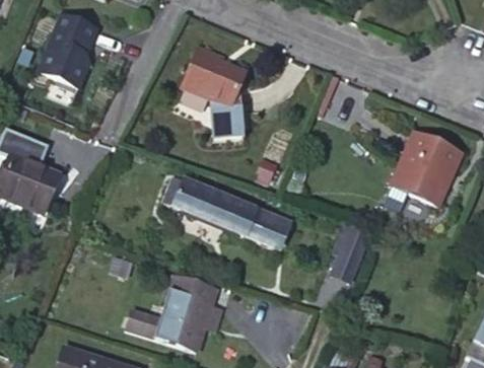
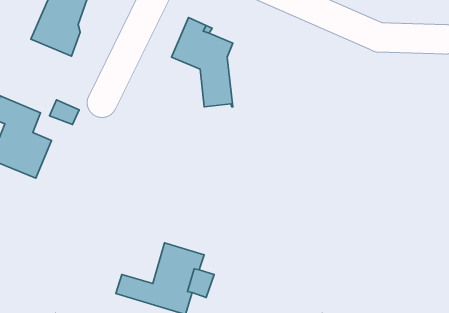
building: [392,134,461,205] -> none
building: [171,180,293,251] -> none
building: [332,221,371,283] -> none

